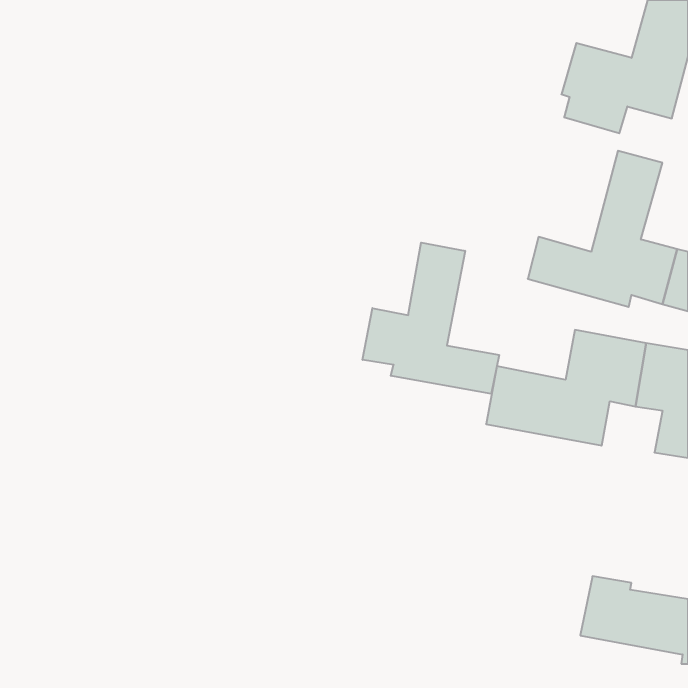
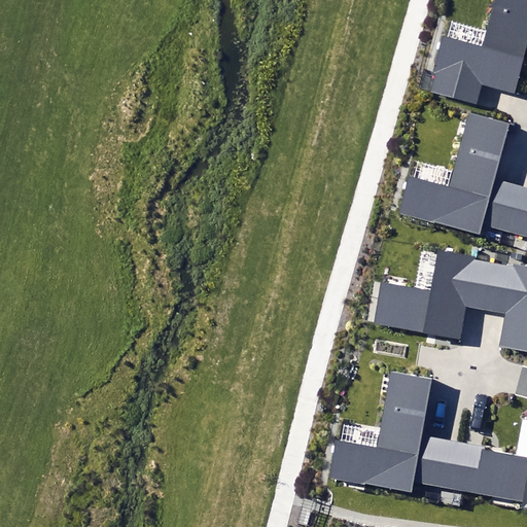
building: [363,243,499,394] -> none
building: none -> [328,373,453,492]

